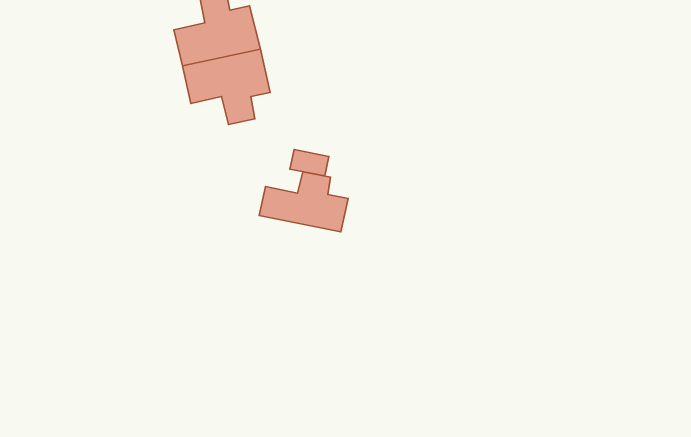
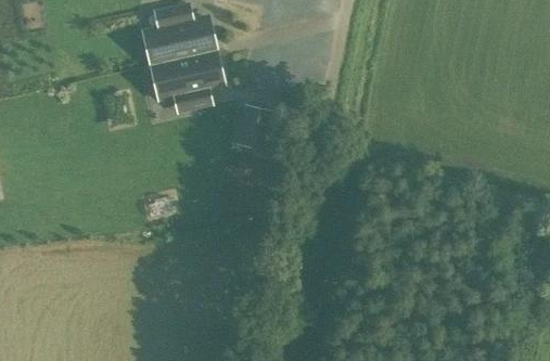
building: [259,172,348,232] -> none

